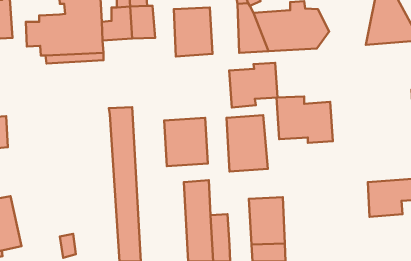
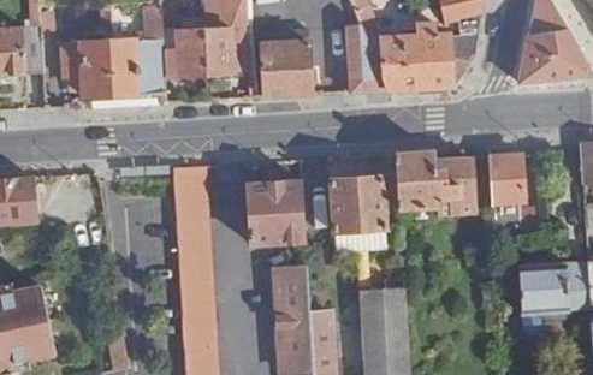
building: [229,63,278,107] -> none
building: none -> [490,154,533,238]

